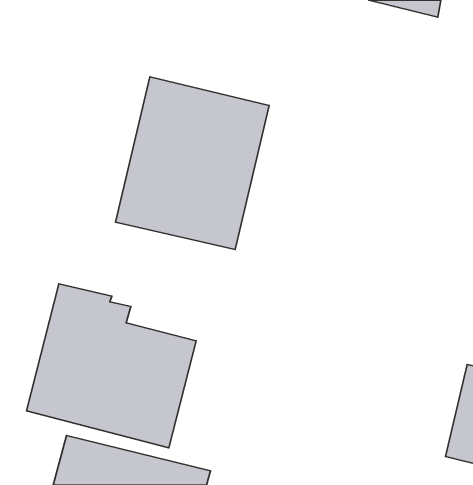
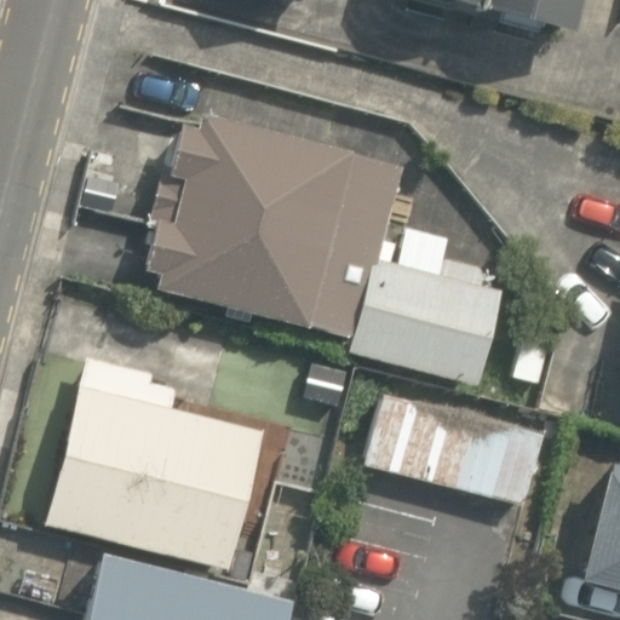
building: none -> [349,214,499,381]
building: none -> [367,396,545,507]

